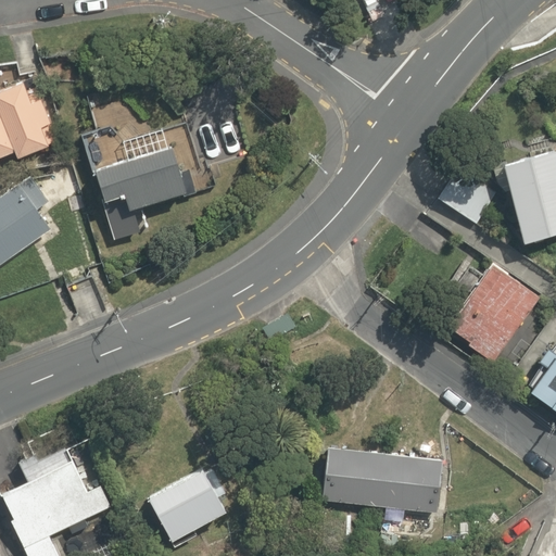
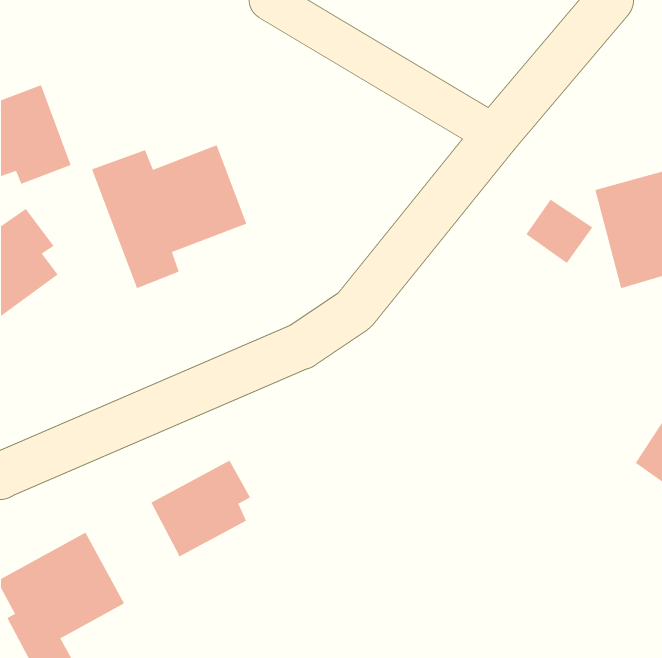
building: [443,260,542,372] -> none
building: [320,443,441,514] -> none
building: [144,458,228,540] -> [151,460,251,557]

